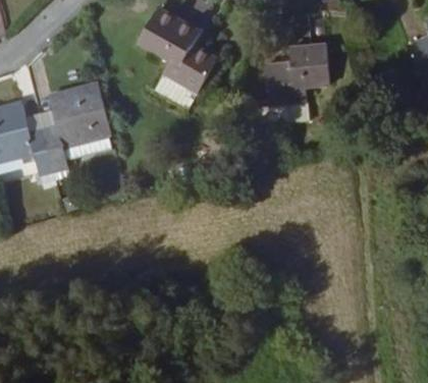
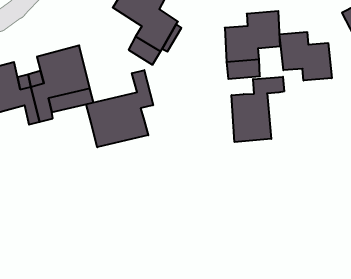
building: none -> [280,32,332,81]
building: none -> [86,70,153,147]
building: none -> [232,77,284,142]

